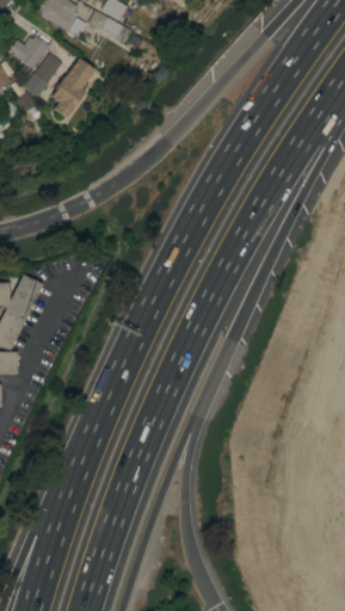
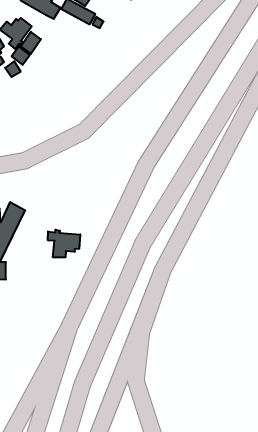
building: [51,58,94,118] -> none
building: none -> [48,230,80,257]

